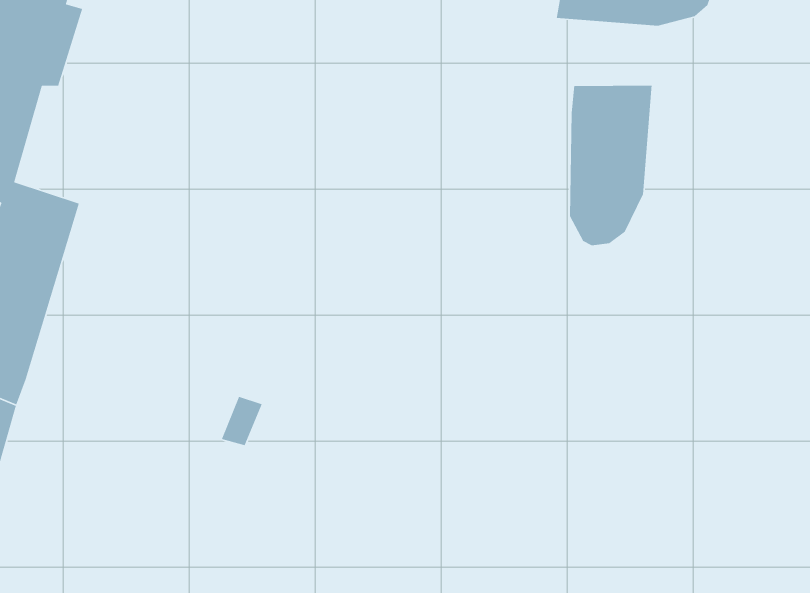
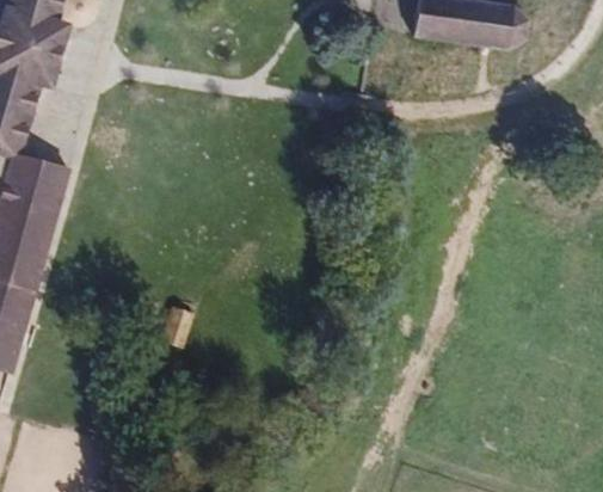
building: [569,85,652,246] -> none

